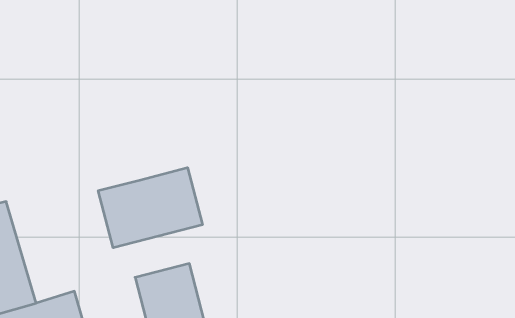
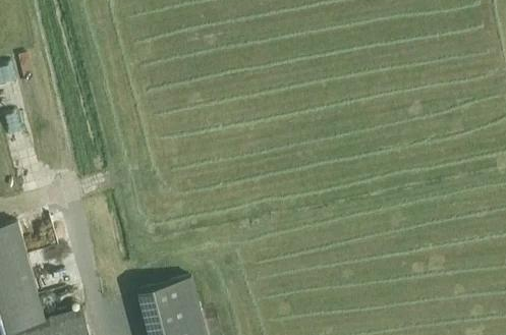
building: [98,168,202,248] -> none

